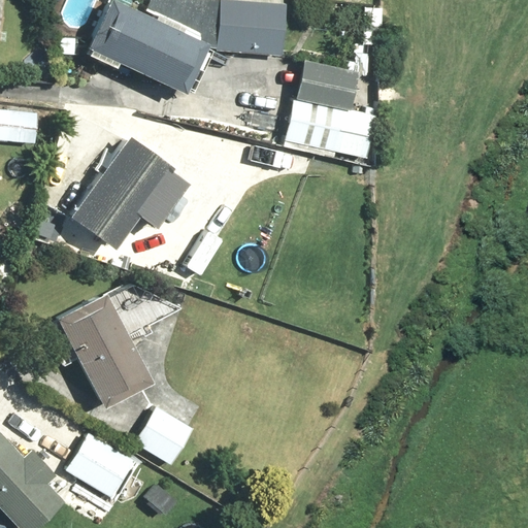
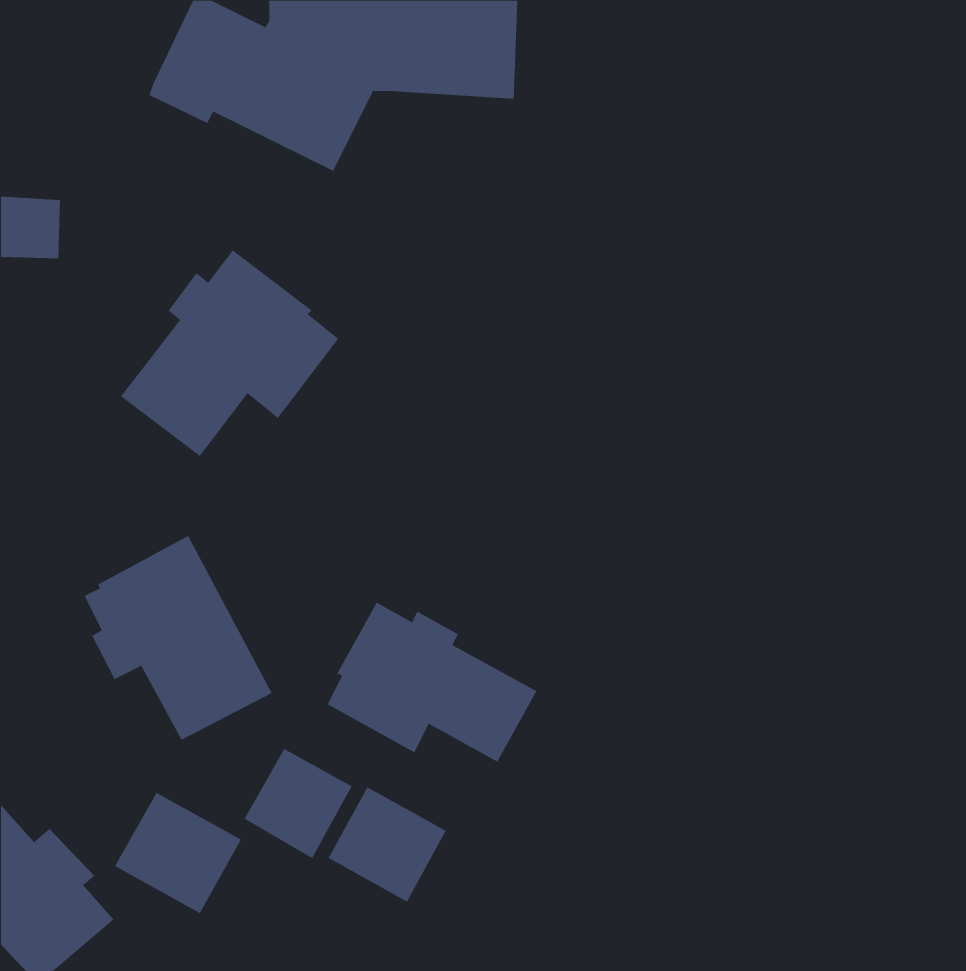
building: [284,62,380,165] -> none
building: none -> [327,602,537,763]
building: none -> [328,786,446,902]

